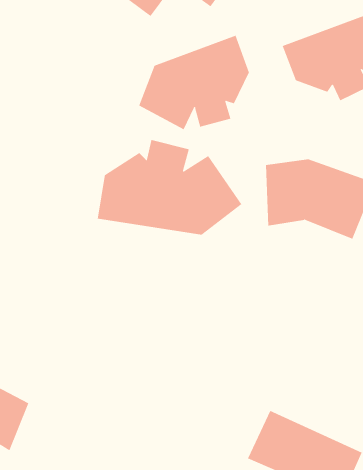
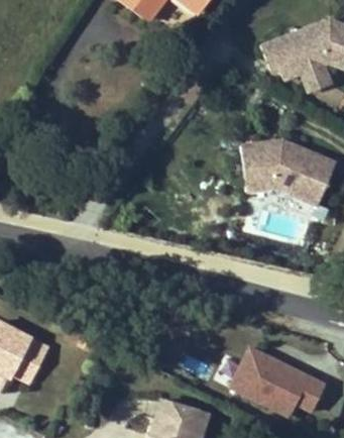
building: [138,35,250,130] -> none
building: [97,139,242,235] -> none

